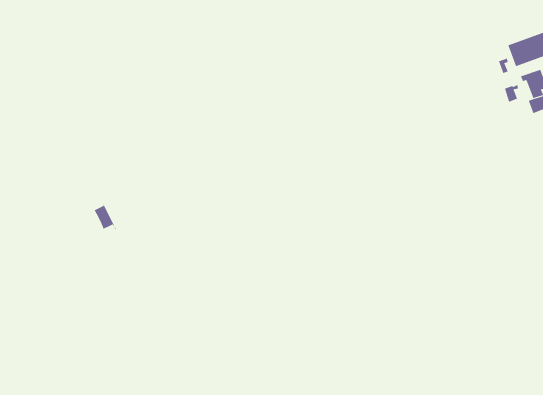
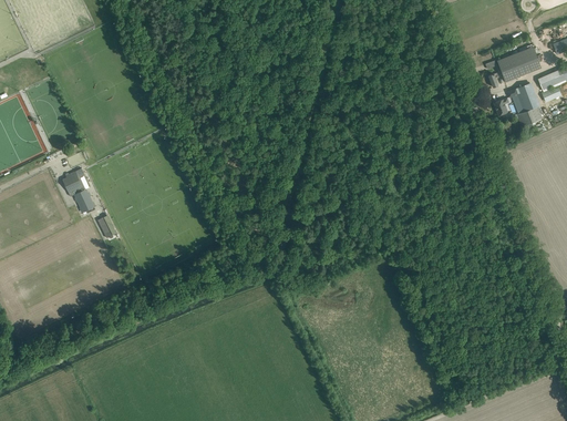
building: none -> [62,167,95,213]

